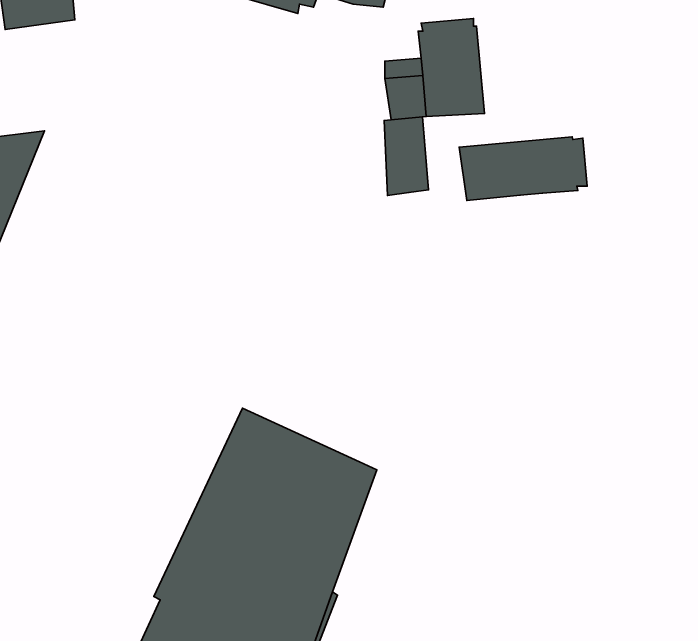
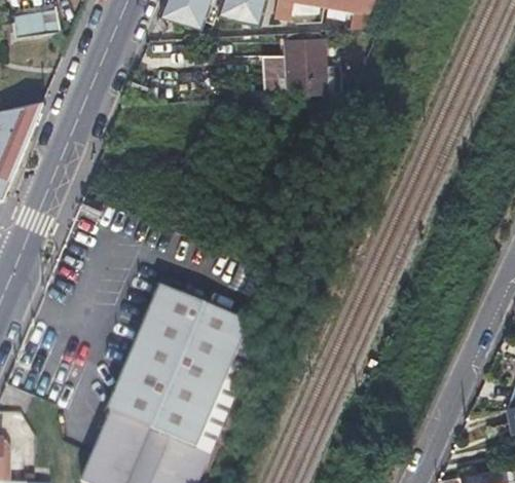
building: [384,117,429,196] -> none
building: [459,137,587,201] -> none

